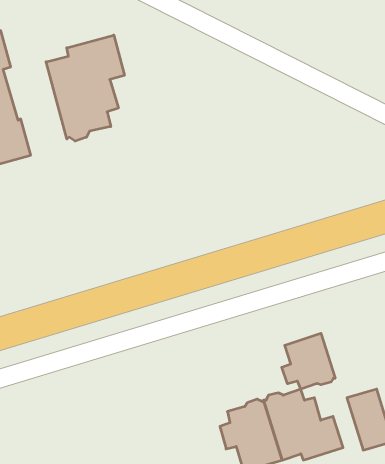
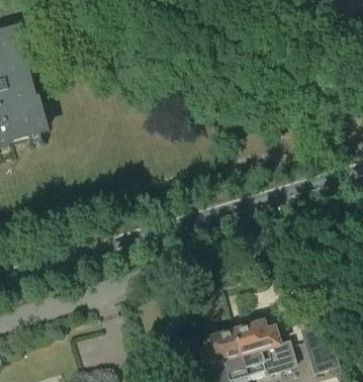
building: [46,35,124,141] -> none
building: [282,333,335,389] -> none

